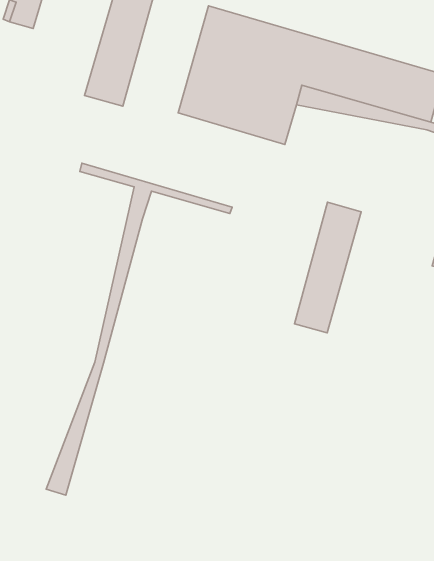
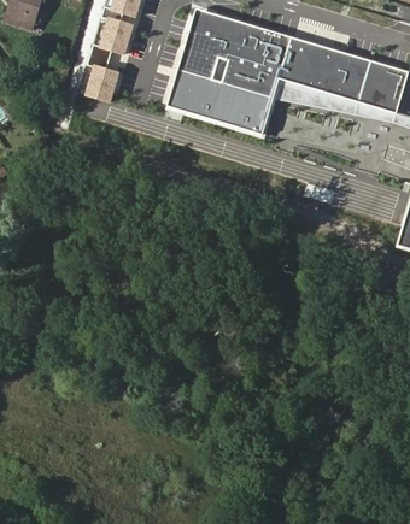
building: [46,163,232,495] -> none
building: [295,202,361,333] -> none

